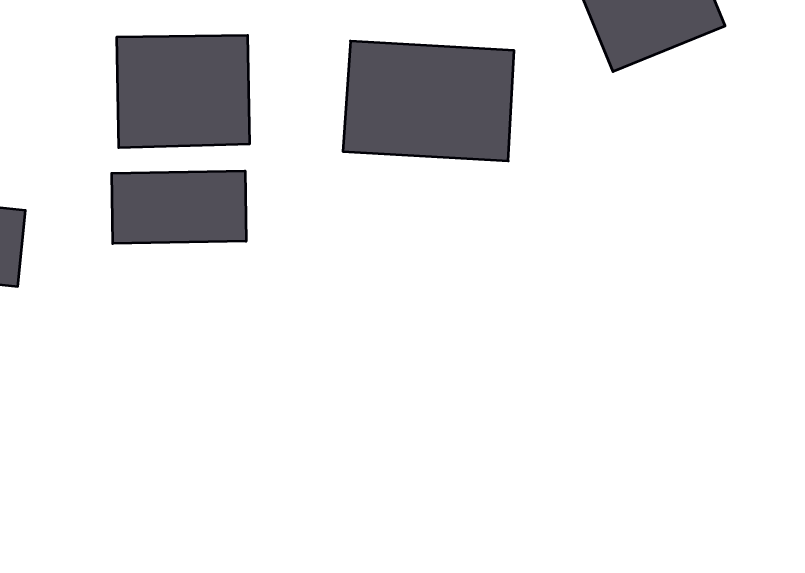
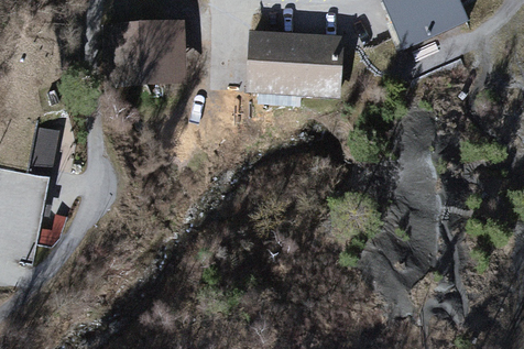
building: [112,171,246,244] -> none

